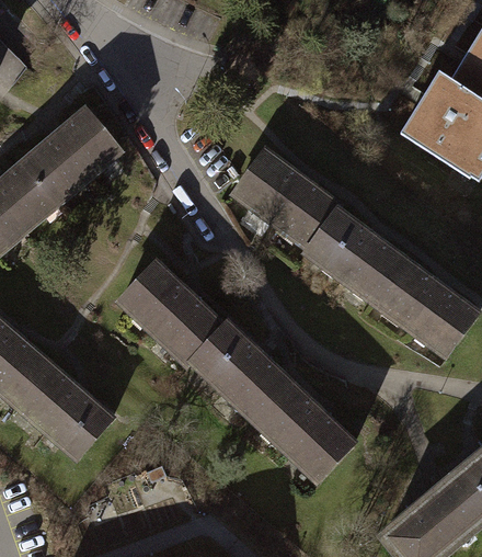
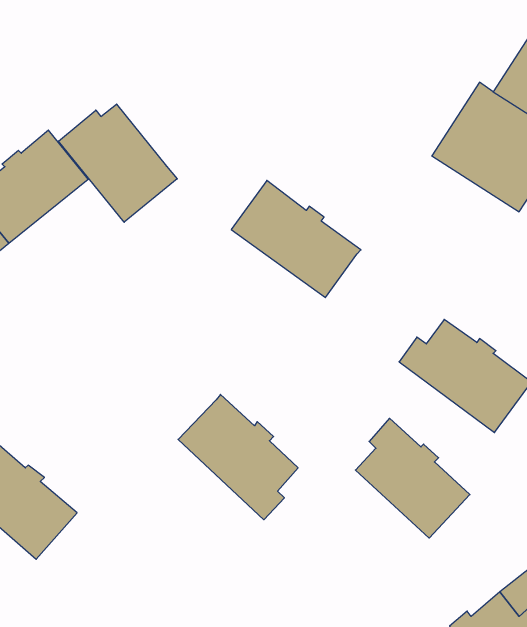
building: none -> [58,104,177,222]
building: [306,211,405,297] -> none
building: [120,263,222,363] -> none
building: [261,383,353,479] -> [355,418,470,538]

